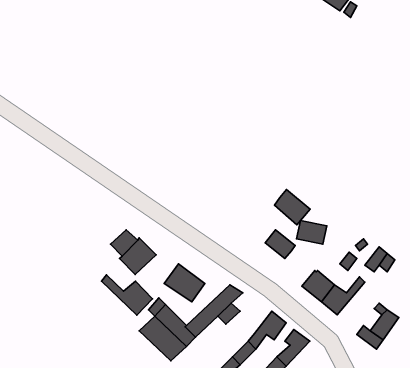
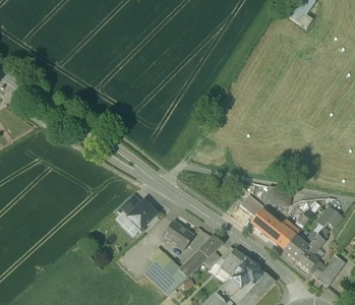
building: [275,190,310,225] -> [252,210,280,238]
building: [101,275,152,315] -> none
building: none -> [297,235,324,271]
building: none -> [221,246,246,274]

